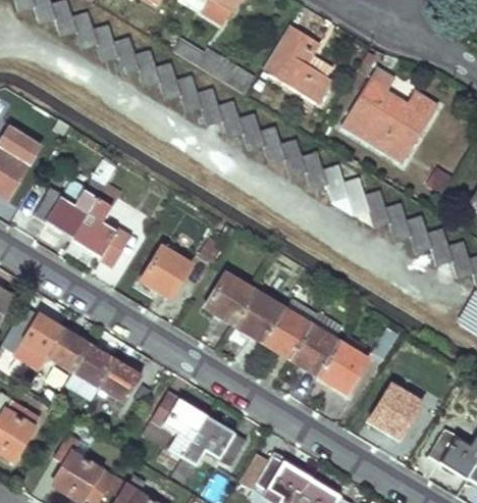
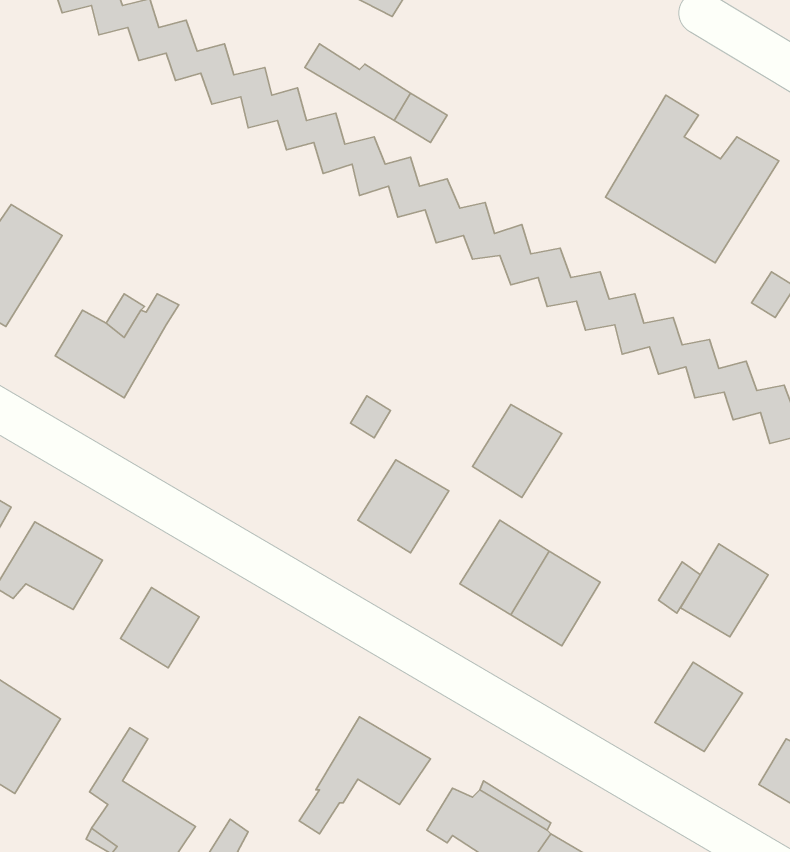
building: [263,26,334,105] -> none
building: [73,197,127,262] -> none
building: [141,245,191,297] -> none
building: [233,290,283,342] -> [472,404,562,497]
building: [45,329,89,372] -> none
building: [318,341,367,393] -> [681,544,768,637]
building: [98,360,140,404] -> none
building: [151,394,205,457] -> none

